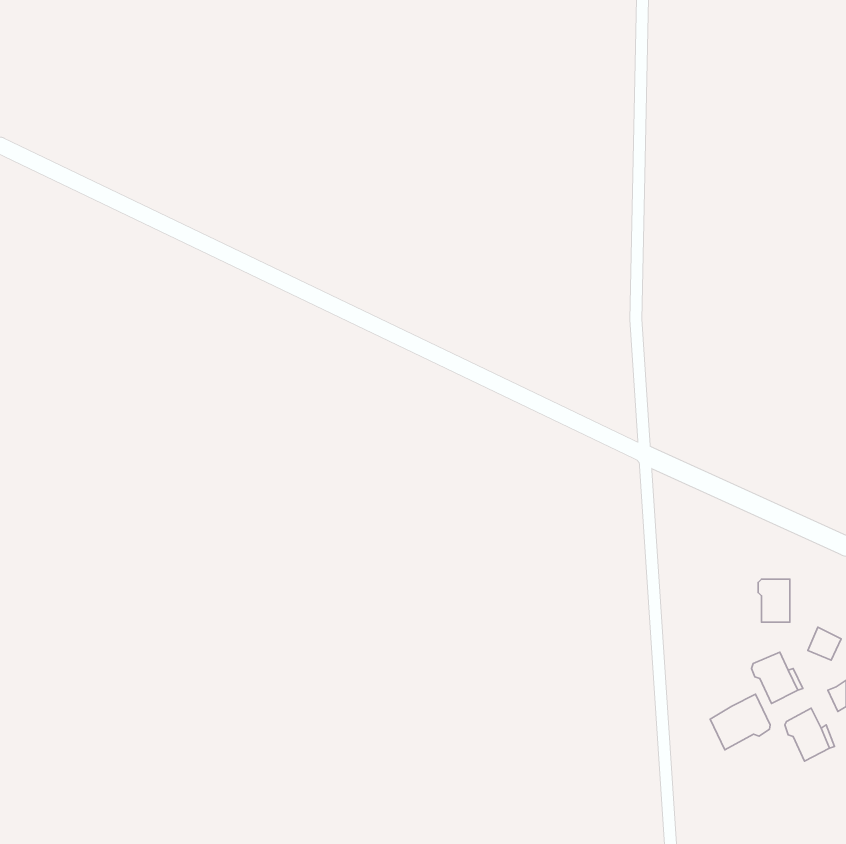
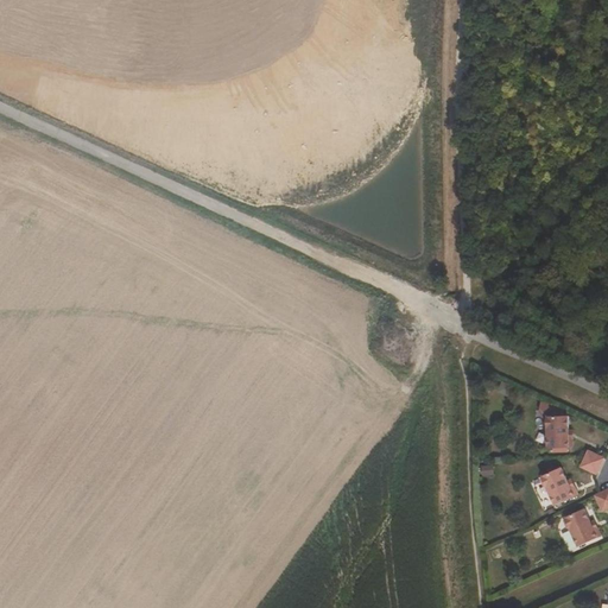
building: [710,694,770,750] -> none

